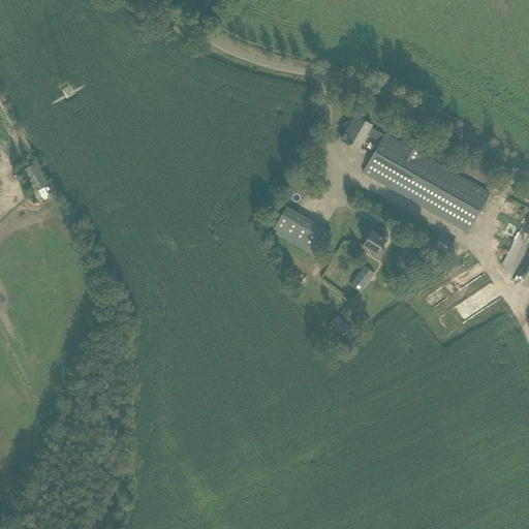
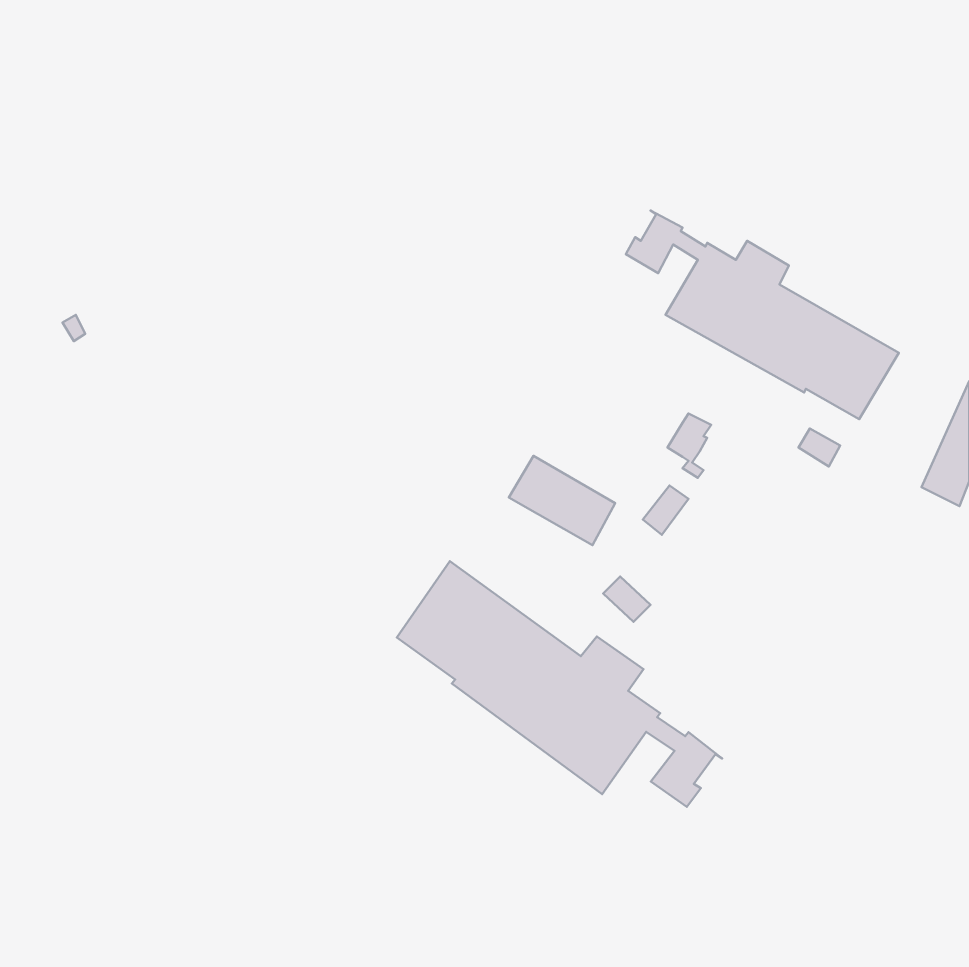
building: [273,206,331,254] -> [509,456,615,545]
building: none -> [397,561,722,807]

